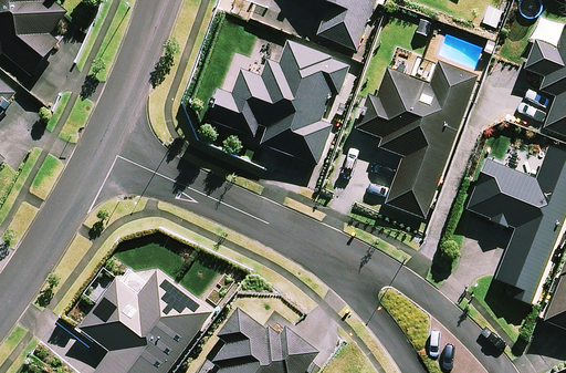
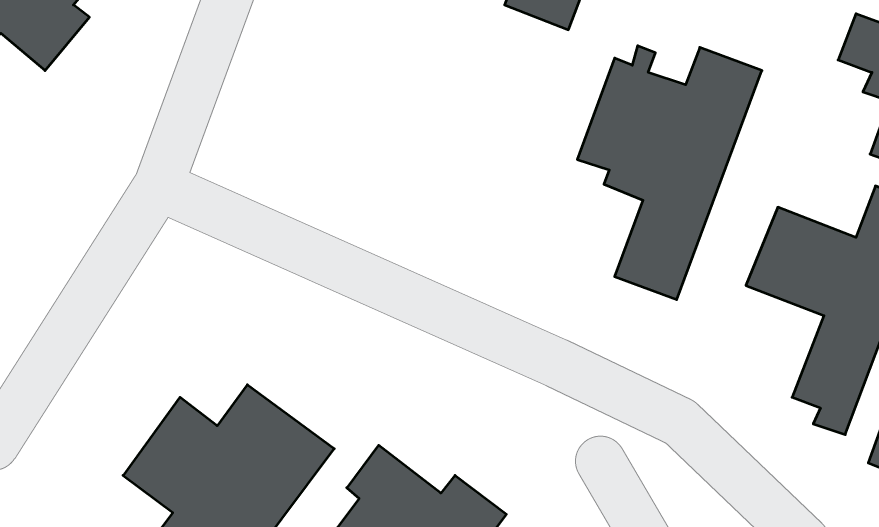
building: [205,41,349,165] -> none

